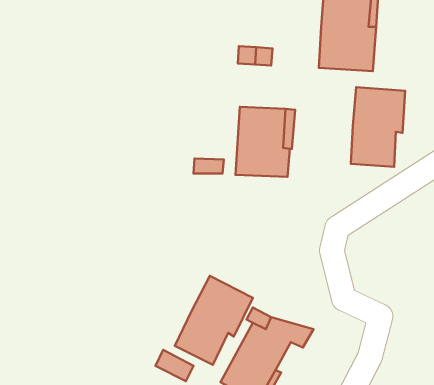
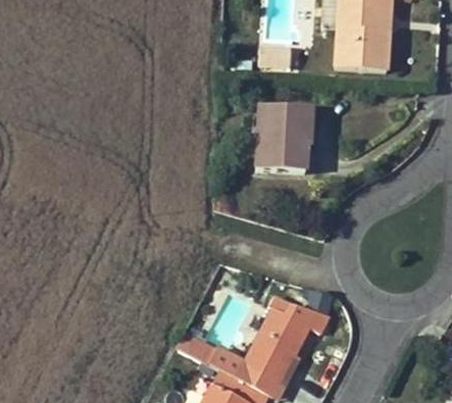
building: [351,87,405,167] -> none
building: [175,276,253,365] -> none

